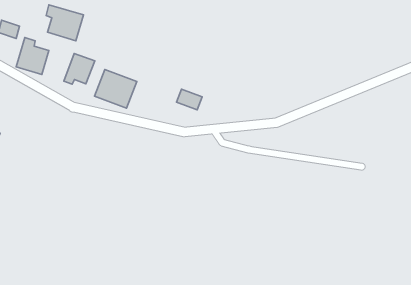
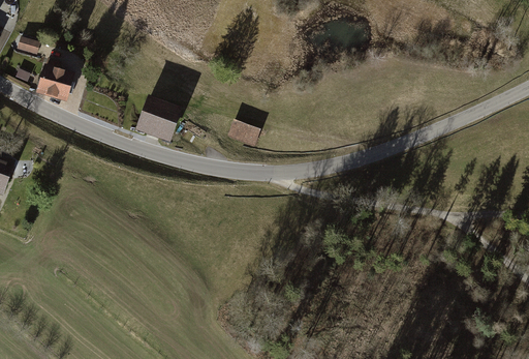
building: [46,5,83,41] -> none
building: [64,53,95,84] -> none

